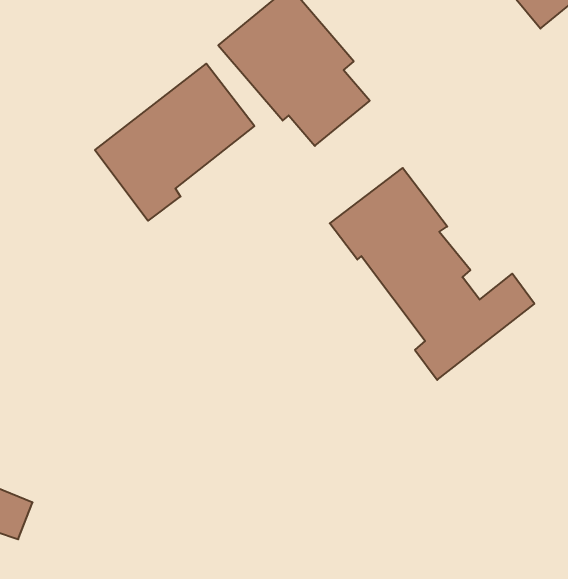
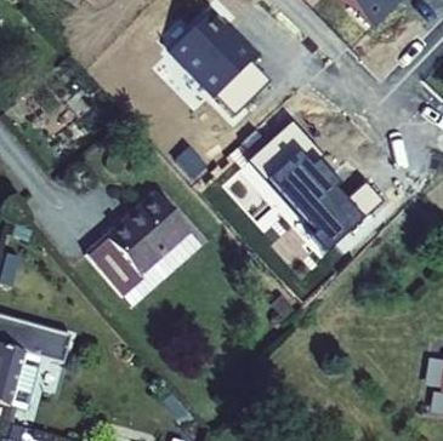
building: [95,64,254,221] -> [83,189,183,292]

